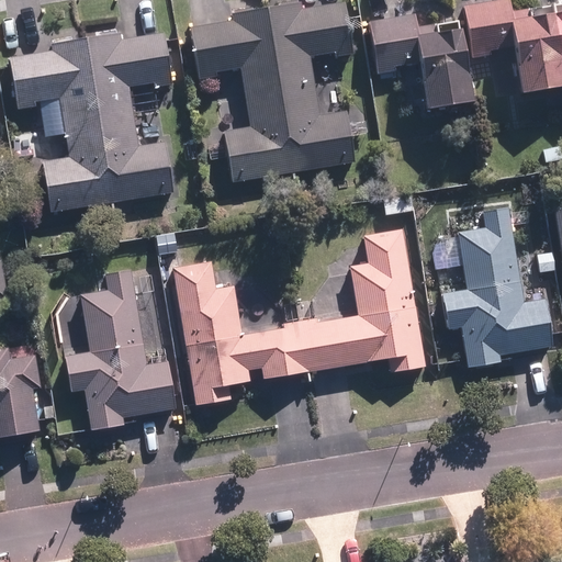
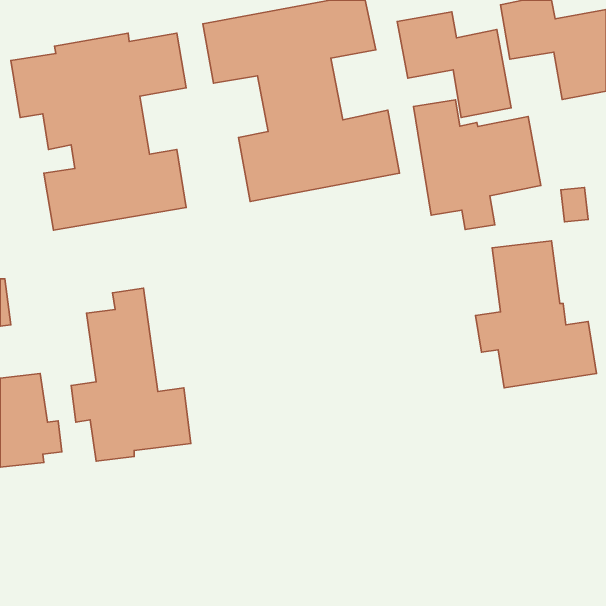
building: none -> [413,100,541,229]
building: [172,228,424,405] -> none

